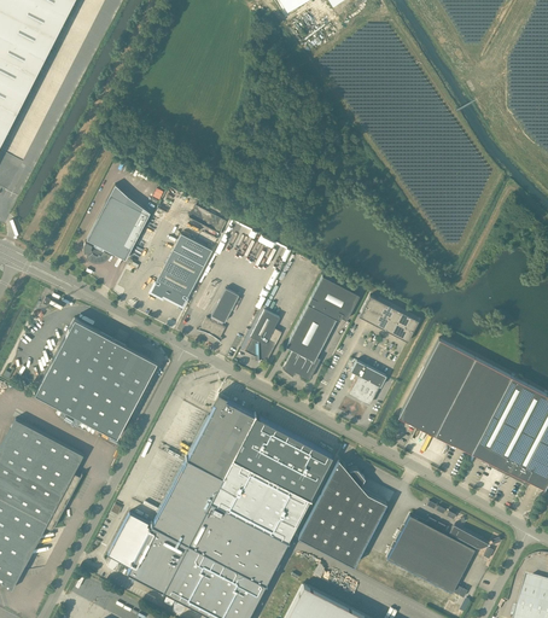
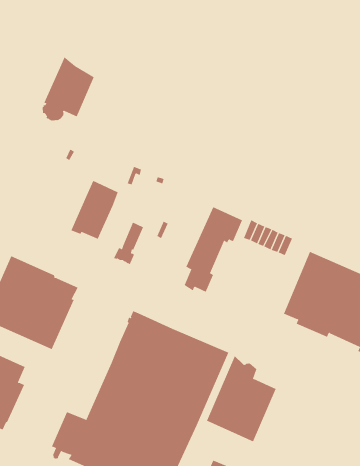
building: [83,187,150,264] -> [42,57,94,121]
building: [244,311,281,365] -> none
building: [349,362,386,404] -> none
building: [387,517,479,594] -> none

